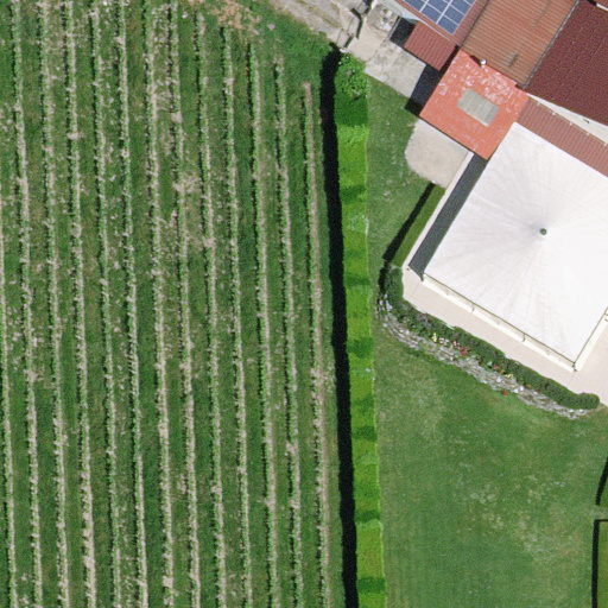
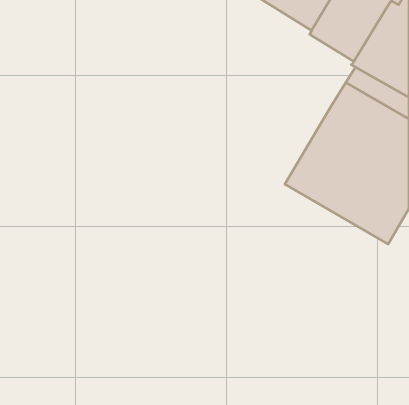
building: [419,51,527,159] -> none

